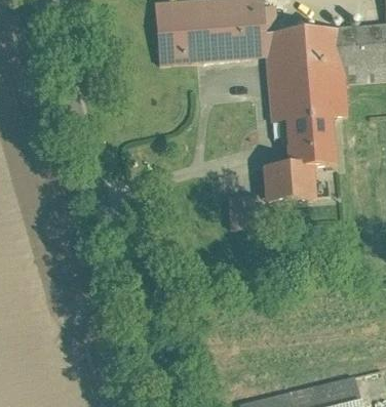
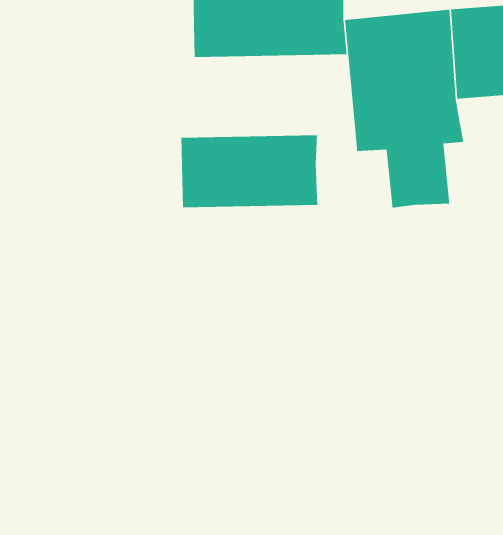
building: none -> [181,134,318,208]
building: [264,155,314,200] -> none

